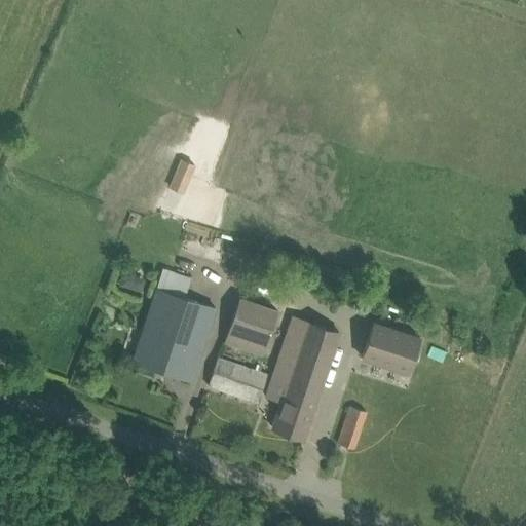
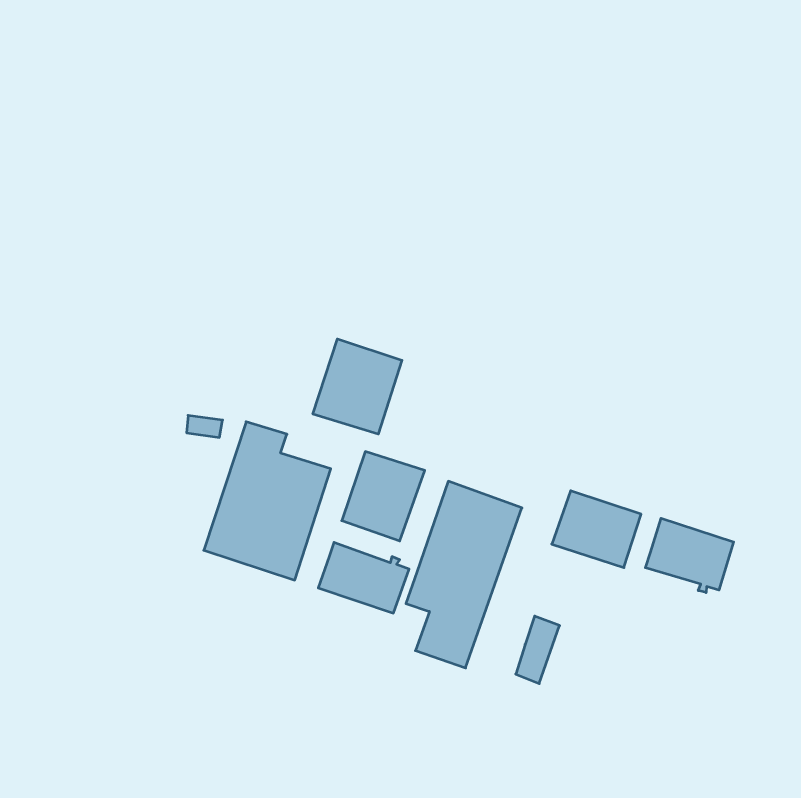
building: [168,159,195,195] -> none
building: none -> [313,339,402,434]
building: none -> [645,518,734,593]

